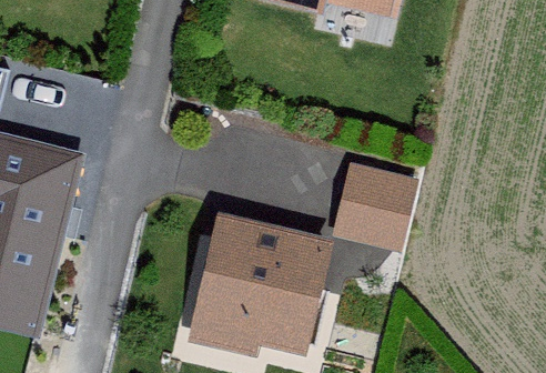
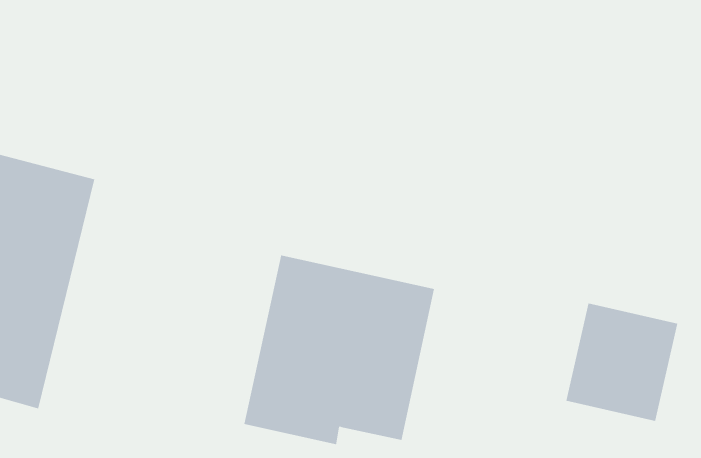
building: [334,160,418,249] -> [565,303,678,422]

